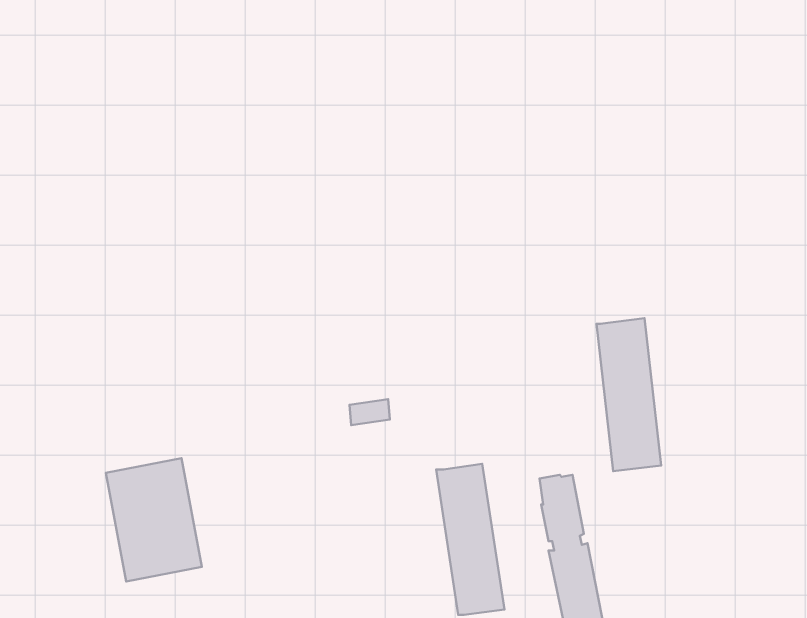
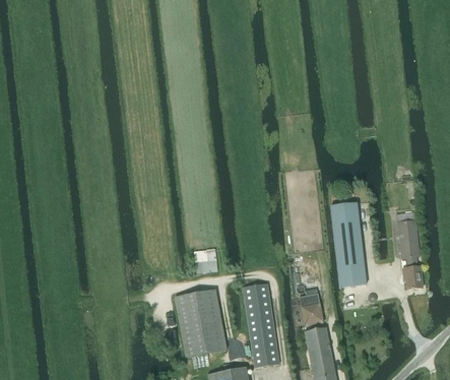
building: none -> [396,211,422,290]
building: [106,458,202,582] -> [174,289,227,357]

